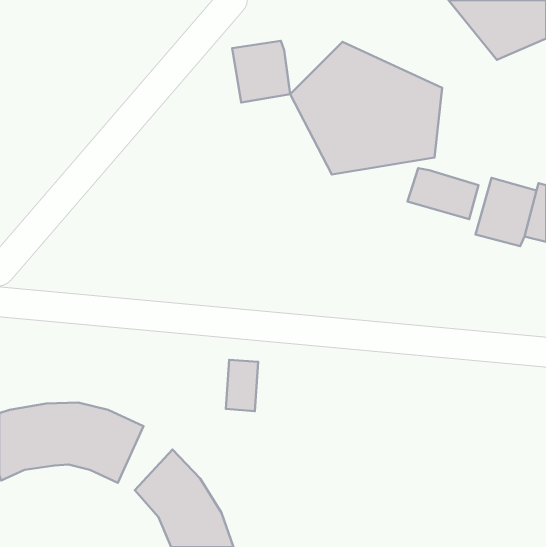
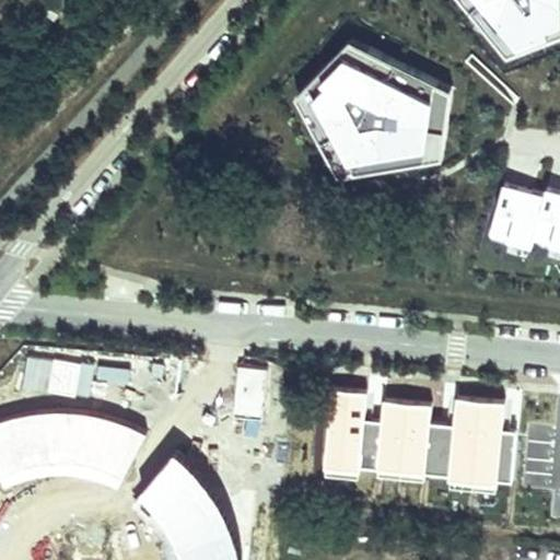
building: [232,41,290,103] -> none
building: [408,168,479,219] -> none
building: none -> [322,386,515,493]

